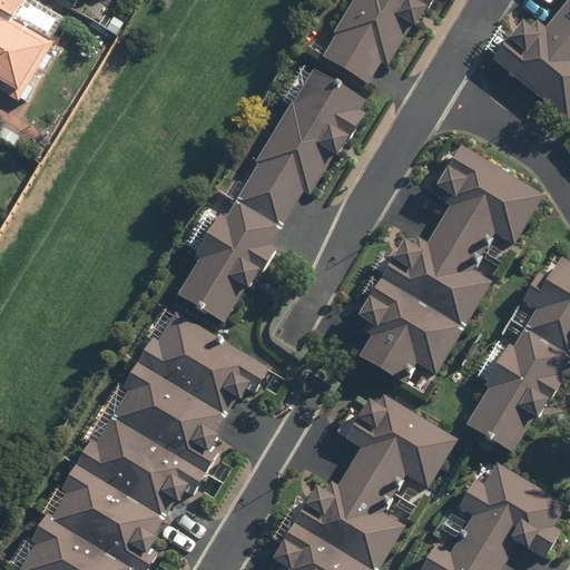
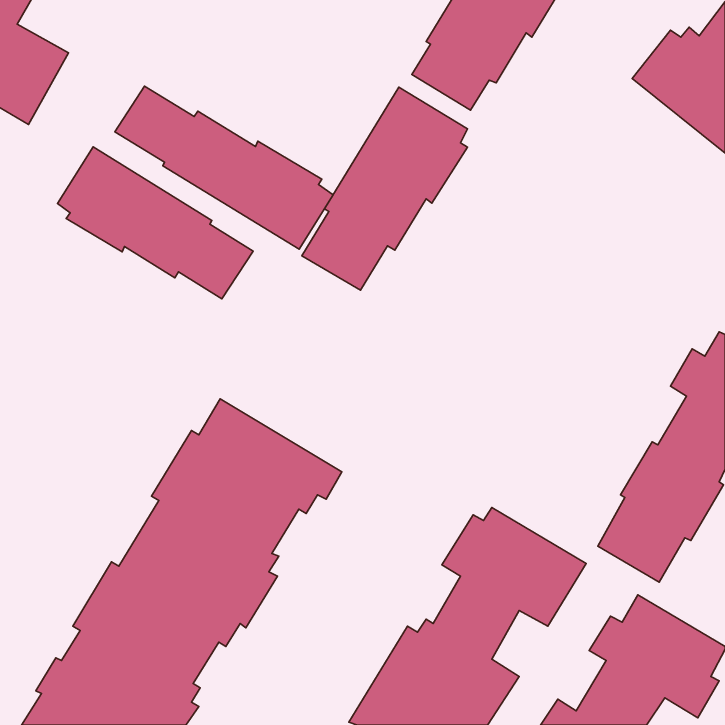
building: none -> [115,86,333,249]
building: none -> [57,147,253,299]
building: [357,146,543,384] -> none
building: [177,199,281,322] -> none

